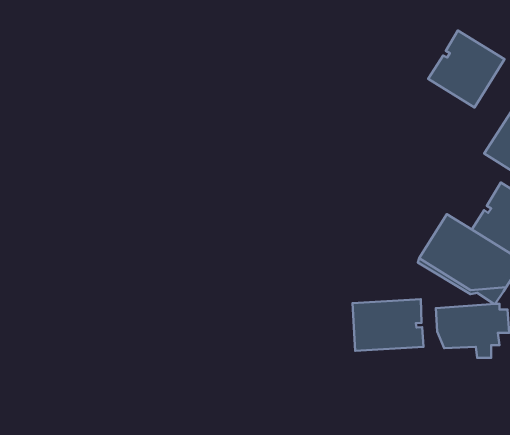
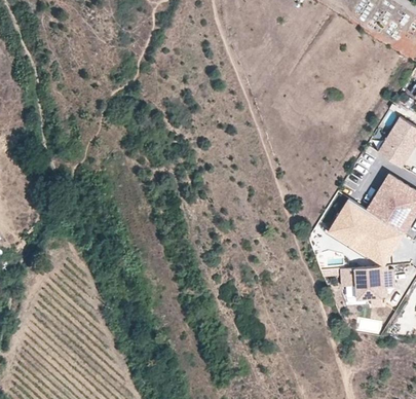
building: [428,31,504,107] -> none
building: [352,299,424,351] -> none

